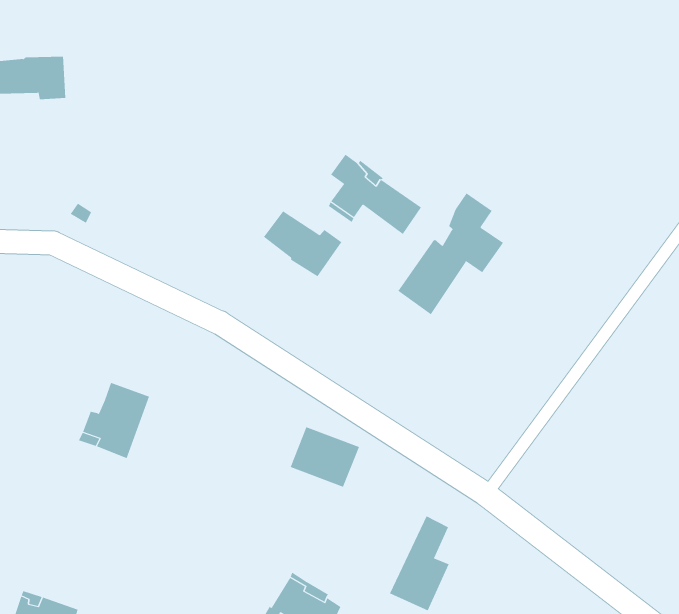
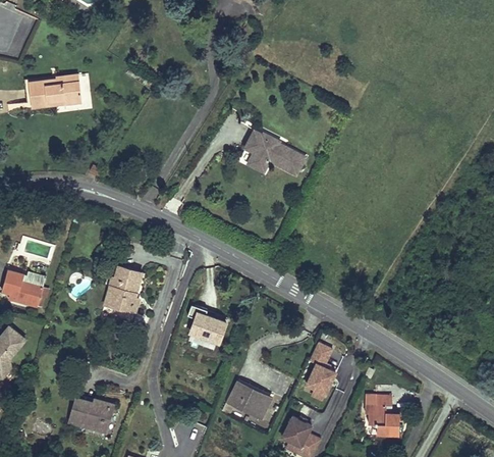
building: [397,193,504,315] -> none
building: [263,211,342,277] -> none
building: [290,426,360,488] -> [184,308,226,344]

